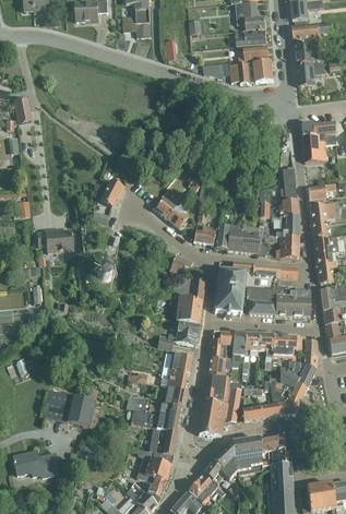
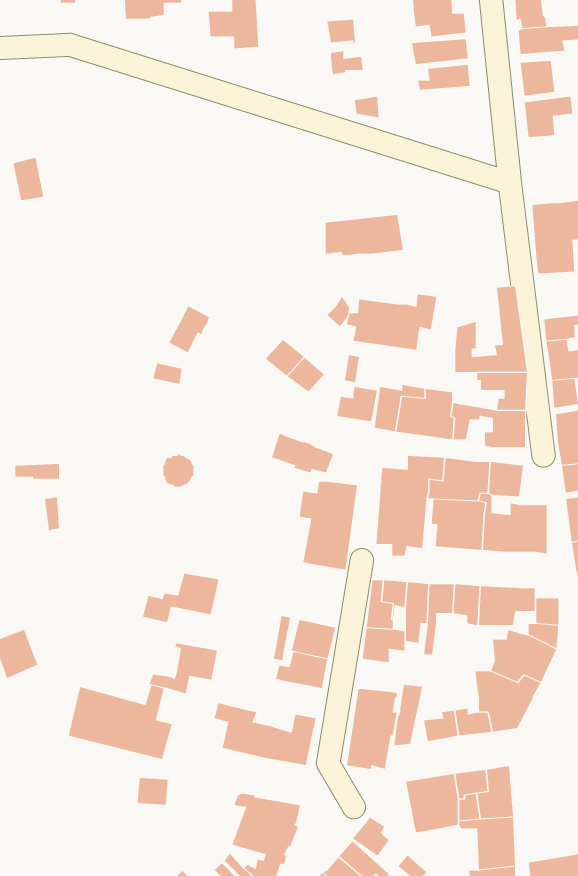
building: [230,60,274,83] -> [325,215,404,256]
building: none -> [346,294,437,351]
building: [36,229,72,252] -> none
building: [156,322,199,349] -> [142,573,219,623]
building: [206,374,241,393] -> none
building: [147,386,186,415] -> [149,643,218,694]
building: [148,429,177,455] -> none
building: [212,442,237,479] -> none
building: [12,451,58,477] -> none

